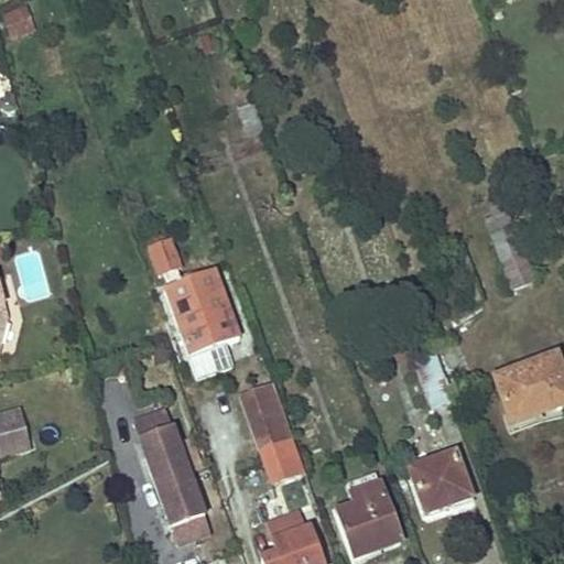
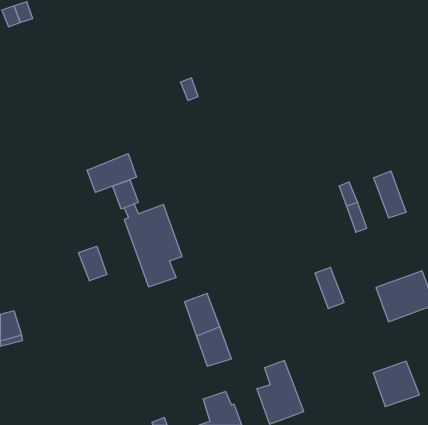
building: none -> [87,154,136,192]
building: none -> [78,246,107,281]
building: [134,410,213,544] -> none
building: [410,453,470,512] -> [373,361,419,407]

